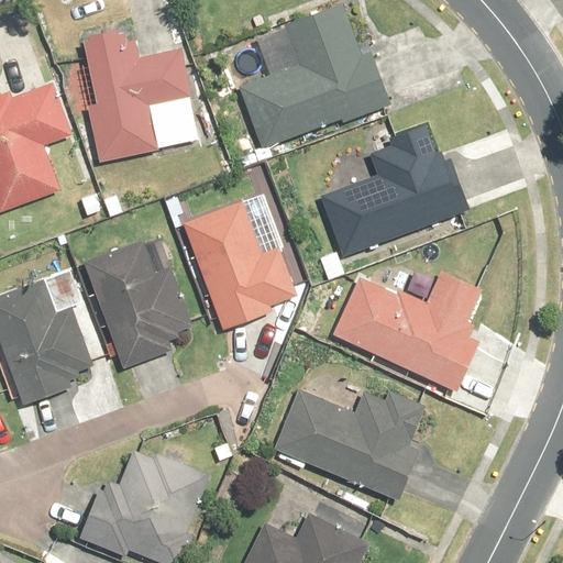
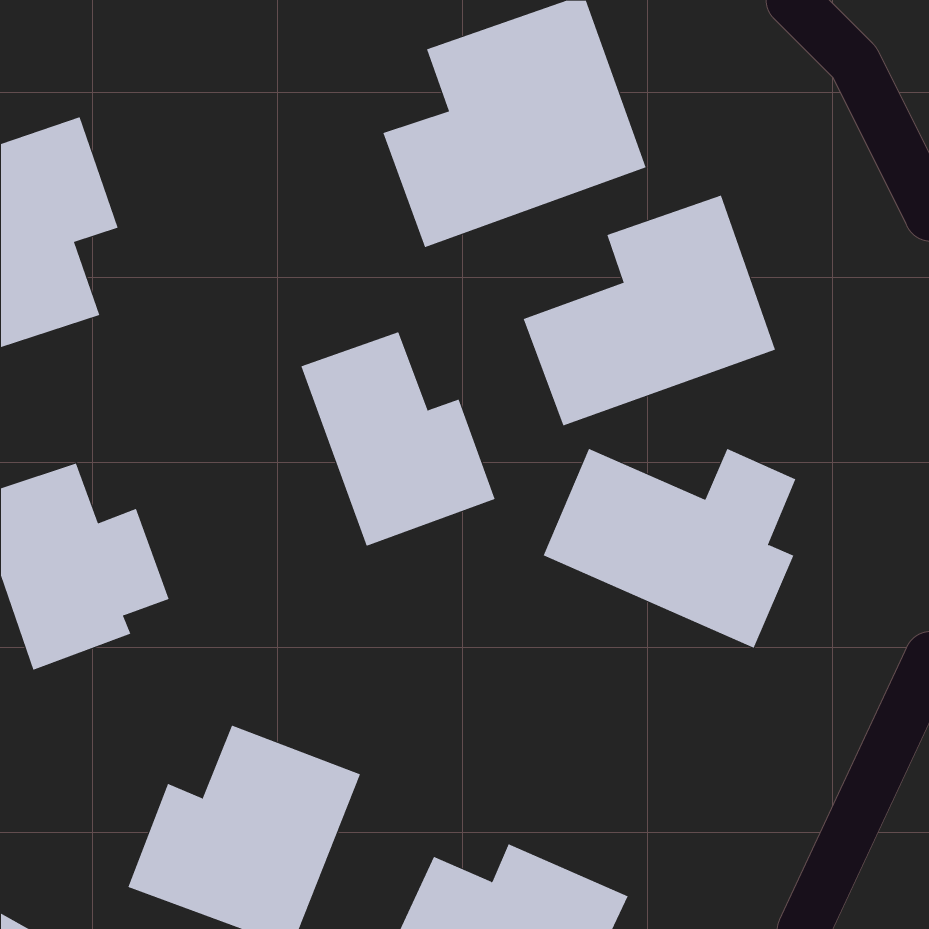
building: [71,27,192,165] -> none
building: [82,238,201,368] -> none
building: [271,388,430,500] -> none

